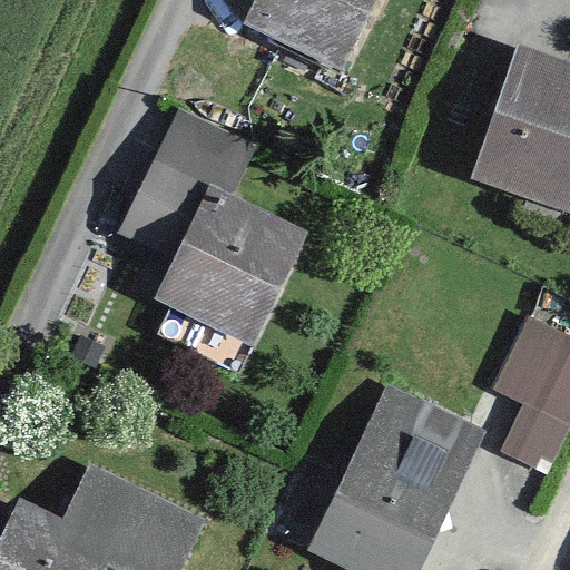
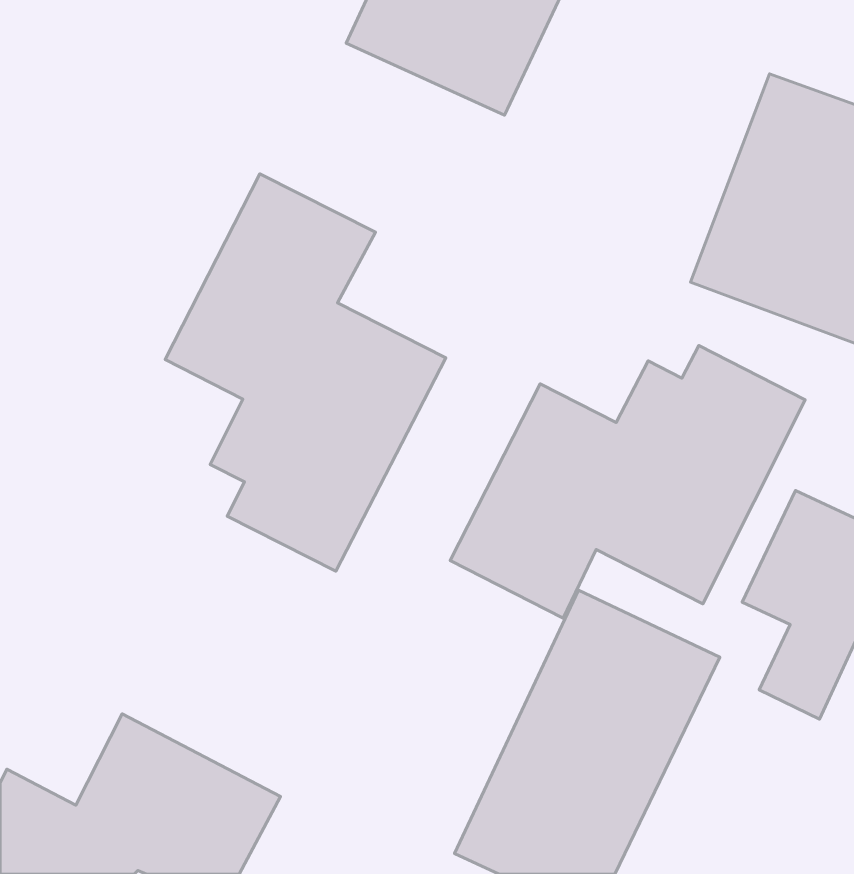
building: none -> [450,346,805,618]

